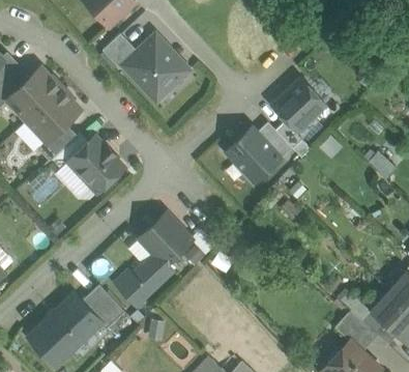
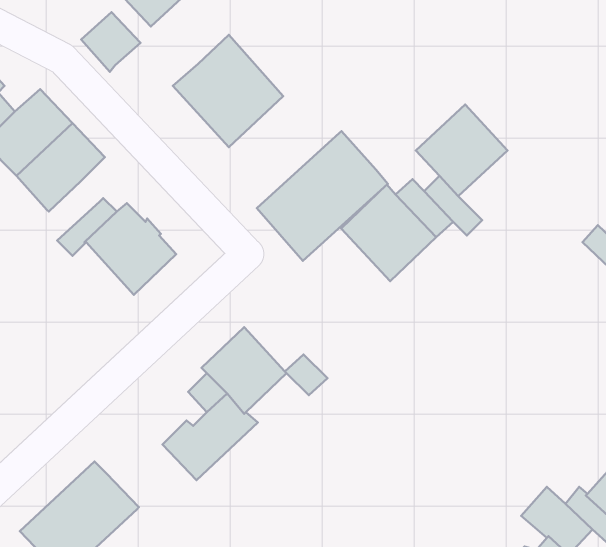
building: [101,33,138,69] -> [81,12,141,72]
building: none -> [257,131,388,261]
building: [37,123,78,162] -> none
building: [82,284,125,330] -> none

